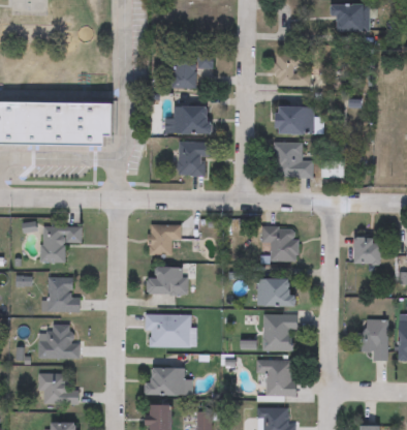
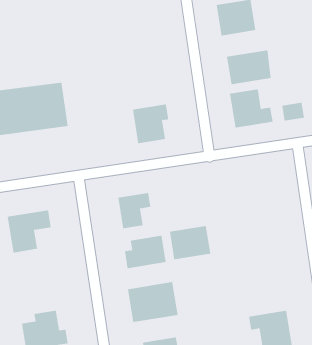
building: [174,50,214,88] -> none
building: [164,105,211,133] -> none
building: [261,227,298,262] -> none
building: [46,279,81,311] -> none
building: [257,279,294,307] -> [169,226,211,260]
building: [263,315,298,351] -> none

